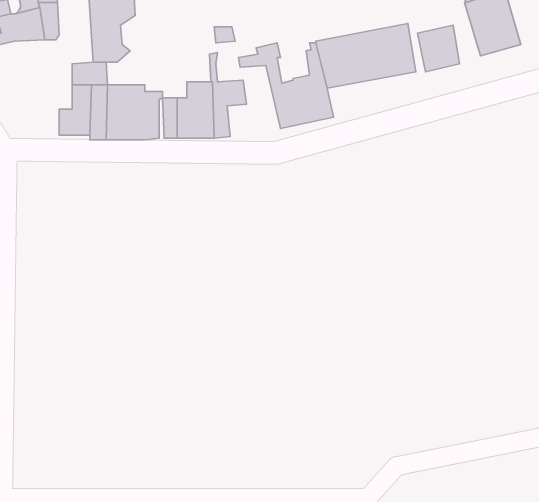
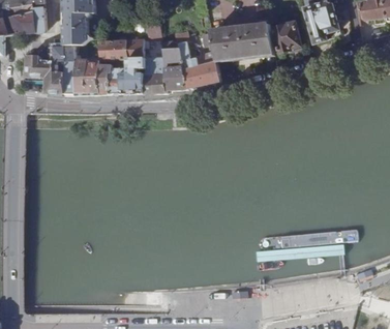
building: none -> [100,40,143,60]
building: none -> [153,48,187,93]
building: none -> [27,55,54,76]

